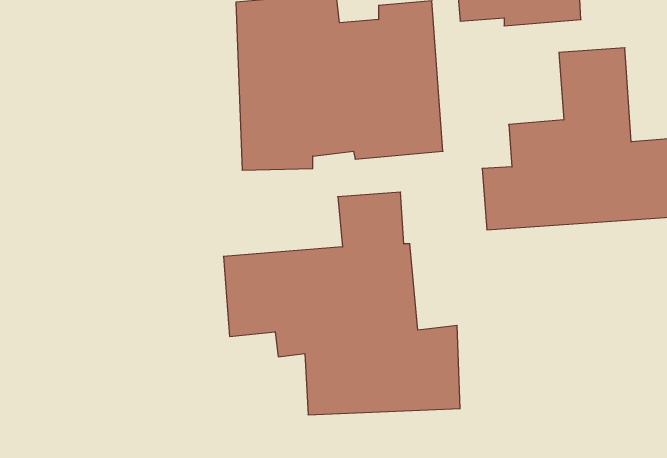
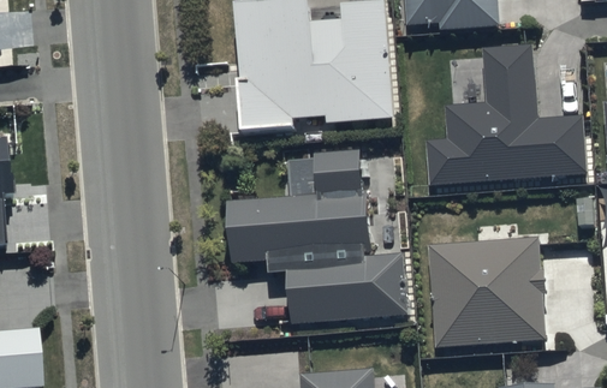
building: none -> [428,234,544,346]

